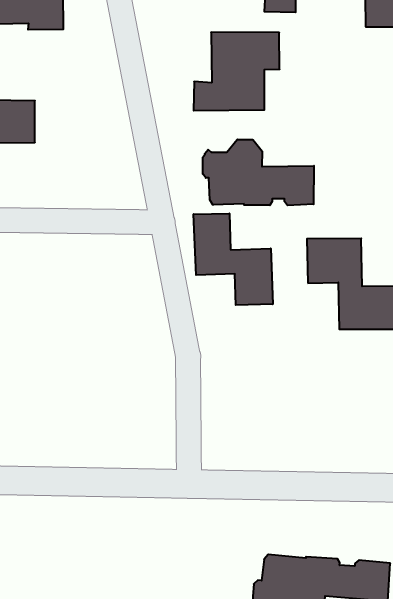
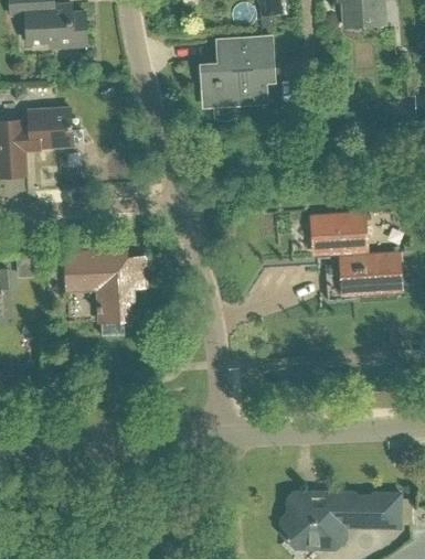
building: [203,139,314,205] -> none
building: [194,213,273,305] -> none
building: none -> [62,249,145,337]

